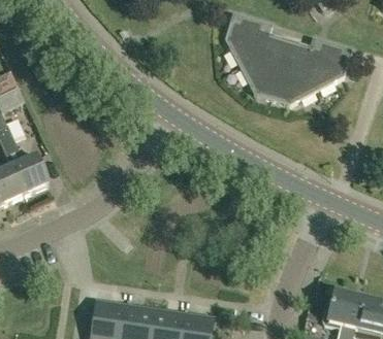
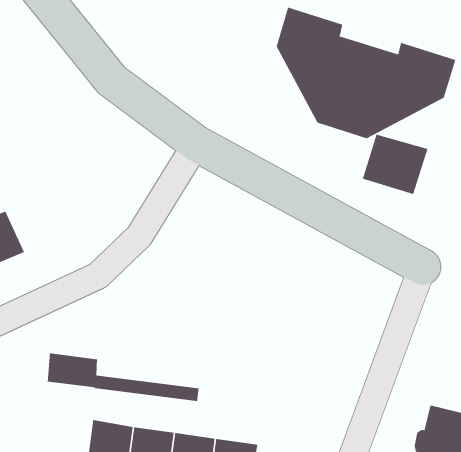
building: none -> [362,134,428,195]
building: none -> [47,352,199,402]

